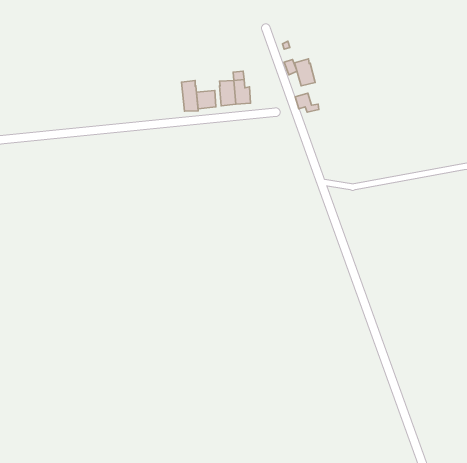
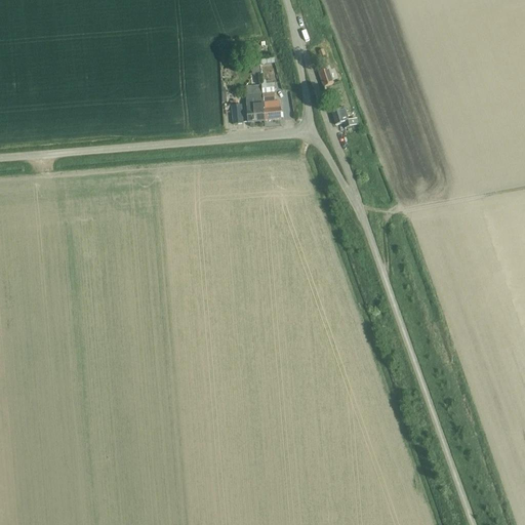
building: [295,59,315,86] -> none
building: [182,80,198,111] -> none

